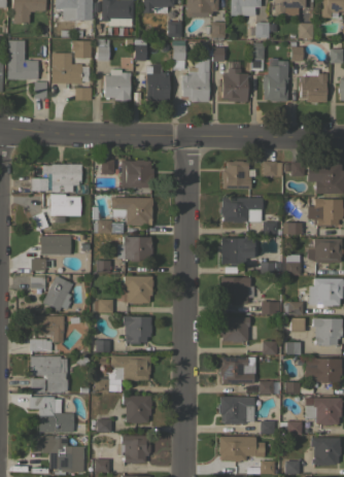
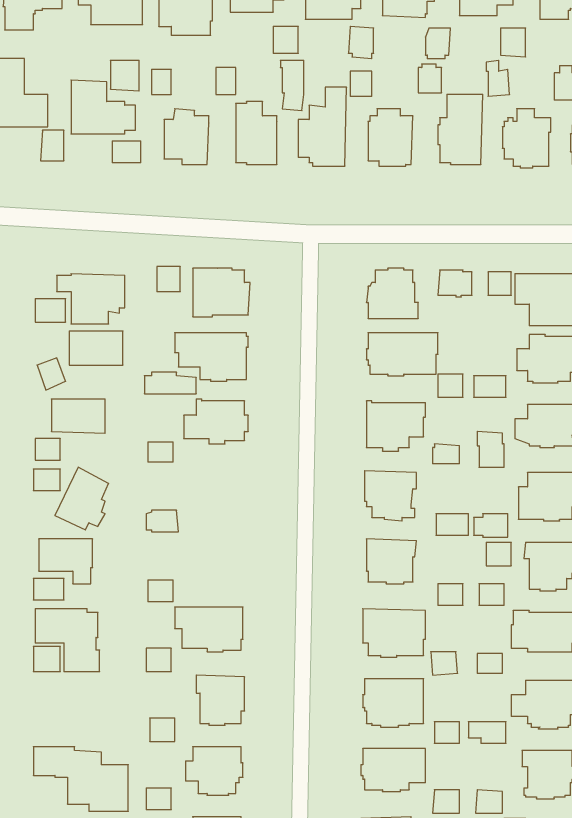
building: [121,276,153,304] -> none
building: [124,315,152,343] -> none
building: [29,397,74,433] -> none

